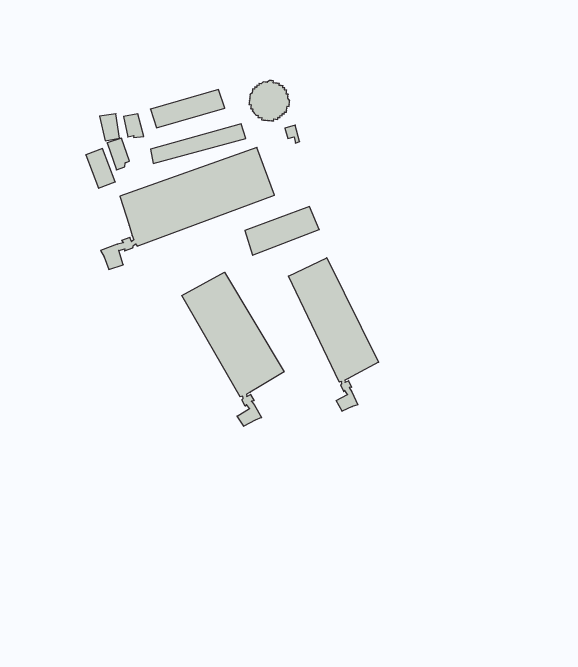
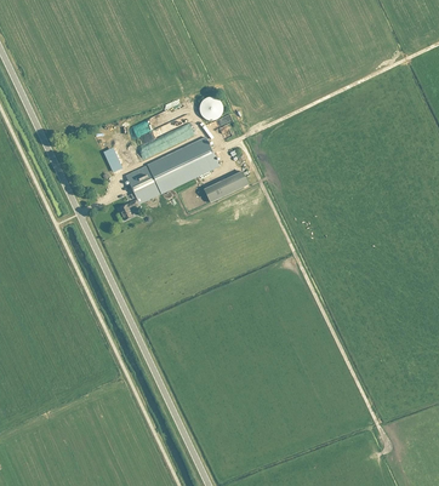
building: [288,258,379,411] -> none
building: [182,272,284,426] -> none

